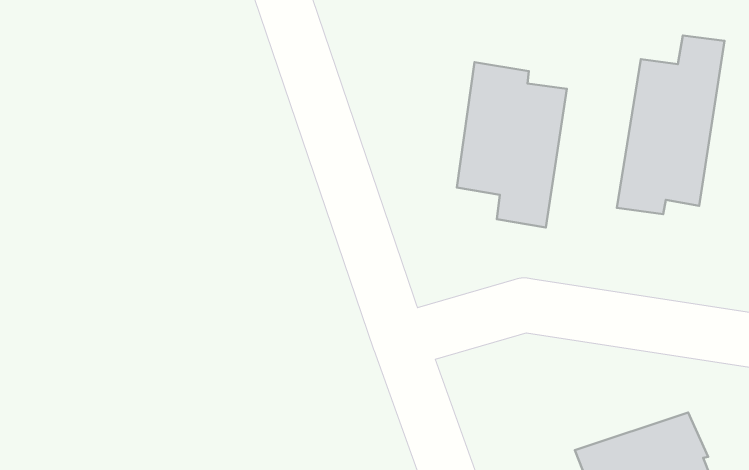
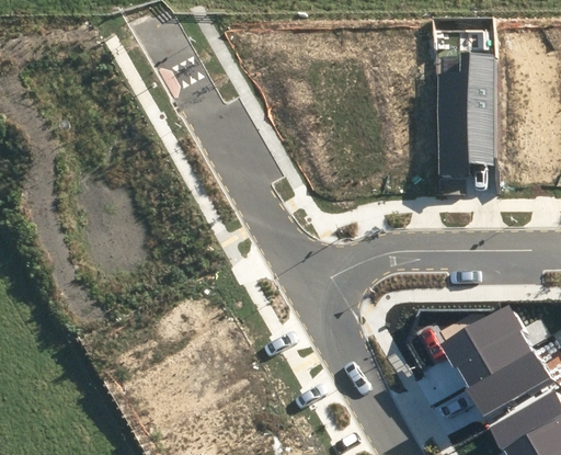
building: [457,62,567,227] -> none

